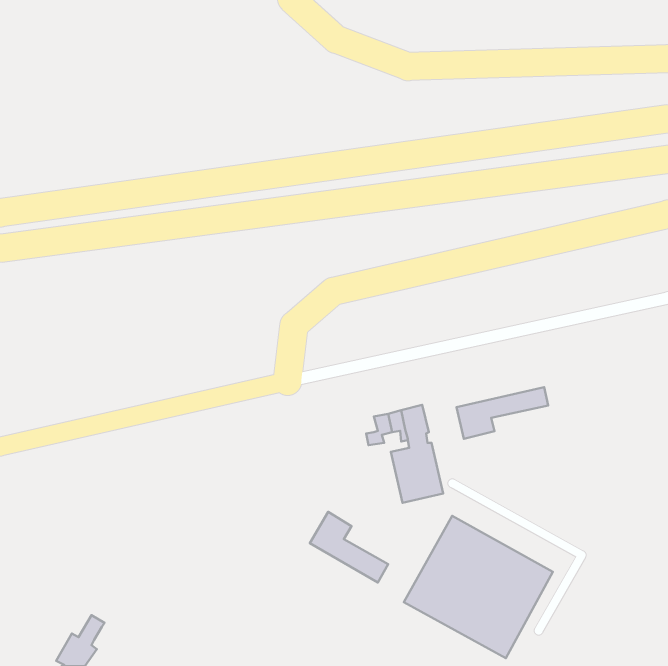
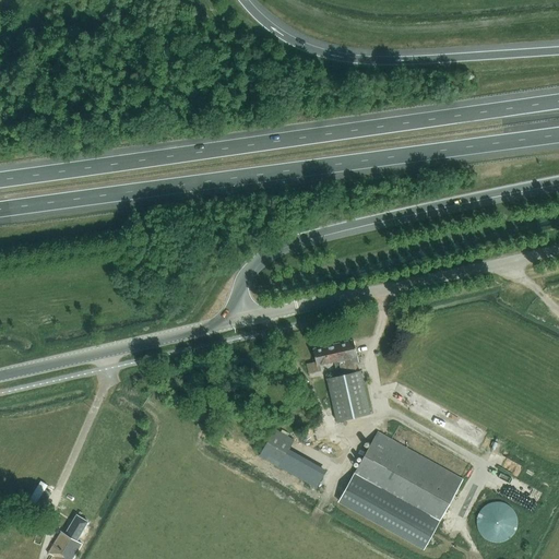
building: [456,387,548,439] -> none
building: none -> [477,500,518,542]

